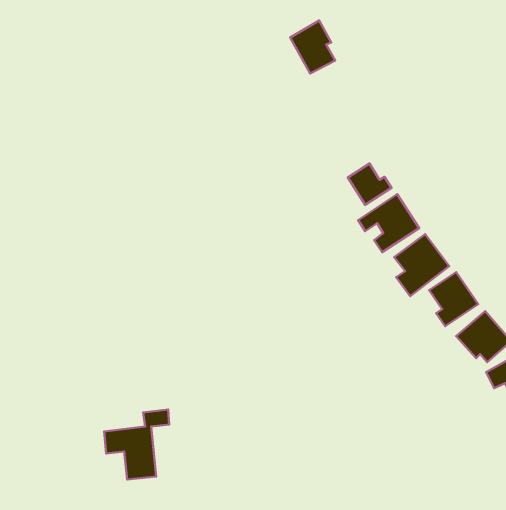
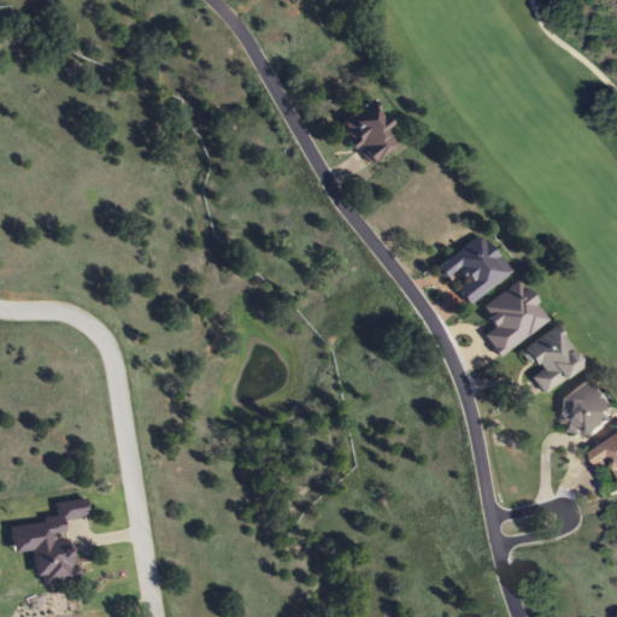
building: [290,20,335,73] -> [343,100,398,164]
building: [348,164,391,205] -> none
building: [104,410,169,480] -> [11,498,89,582]

